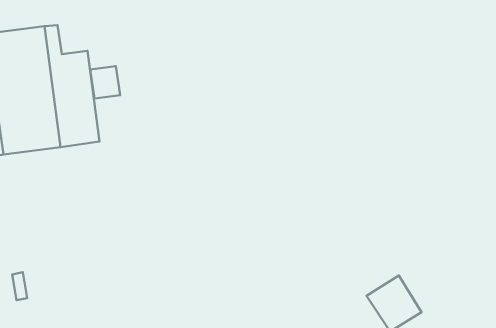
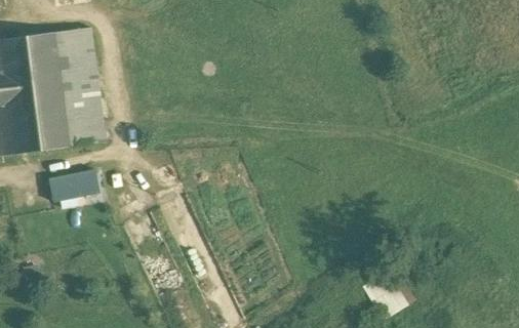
building: [90,66,120,98] -> [66,27,94,57]
building: none -> [48,168,98,201]

